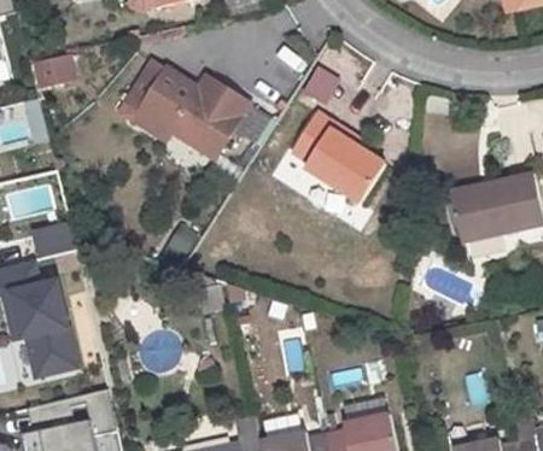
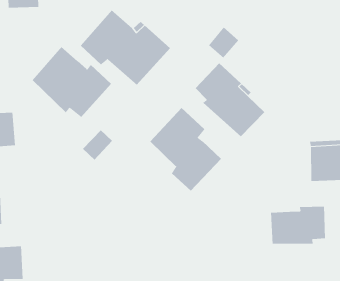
building: none -> [32,46,112,118]
building: none -> [149,107,222,191]
building: none -> [270,206,326,244]

